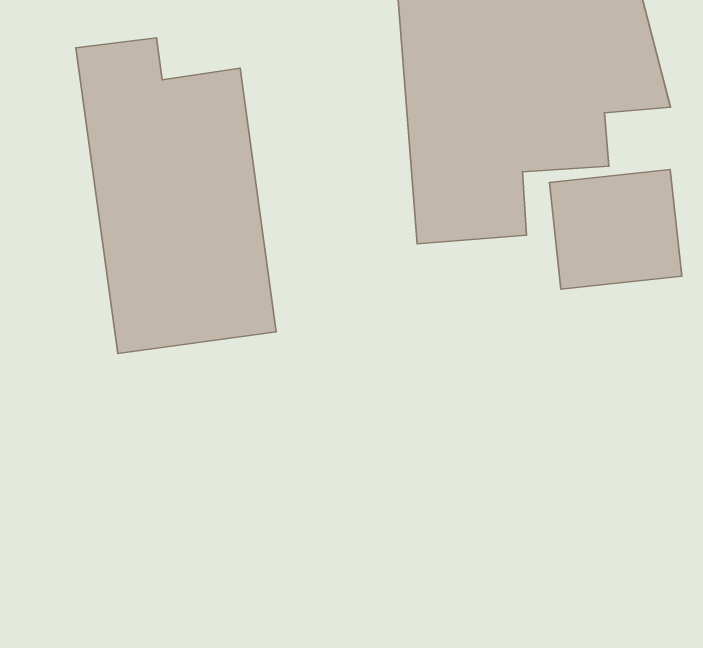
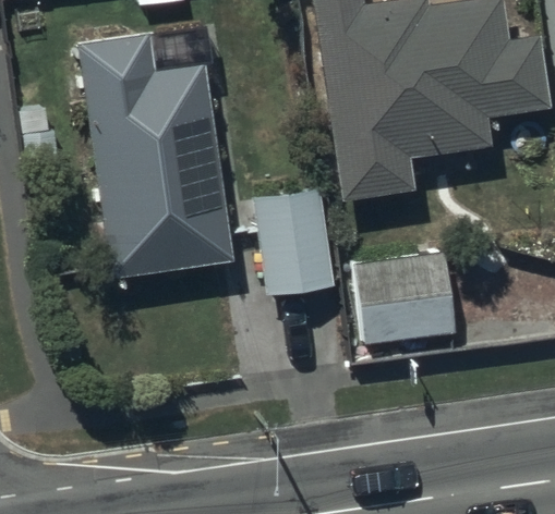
building: [549,170,682,289] -> [362,252,462,342]
building: none -> [257,184,339,291]

